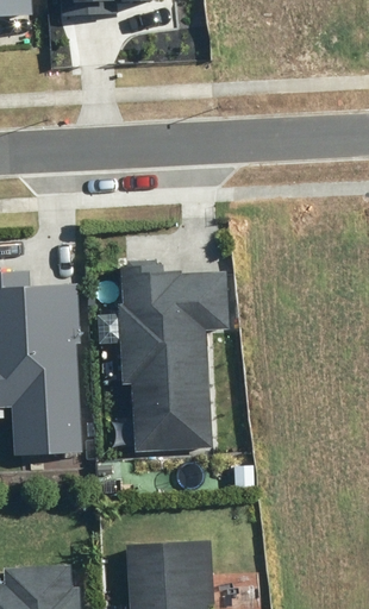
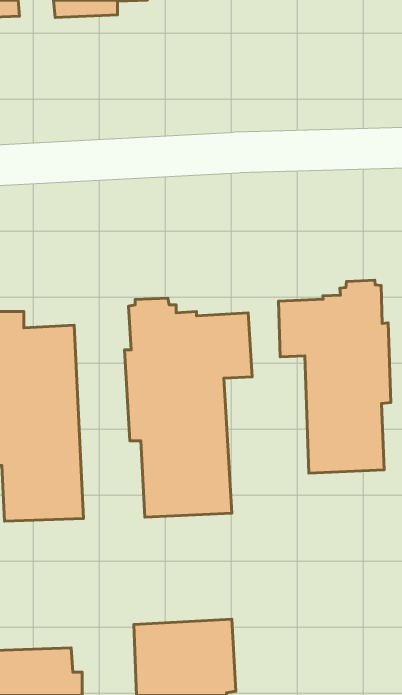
building: none -> [279,280,391,473]

